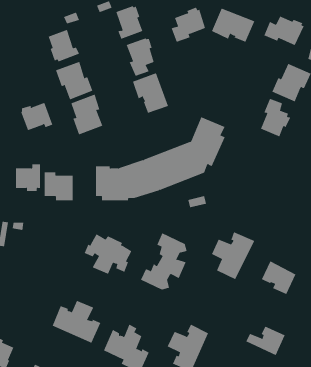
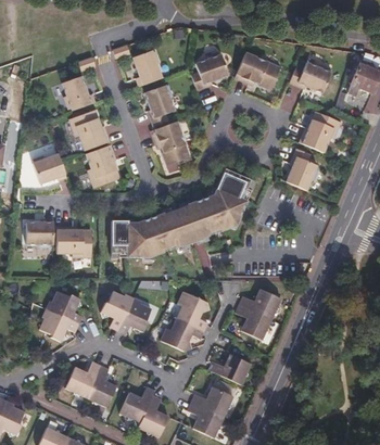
building: none -> [39,291,83,343]
building: [261,261,296,295] -> none
building: [245,326,285,356] -> [208,355,251,386]

